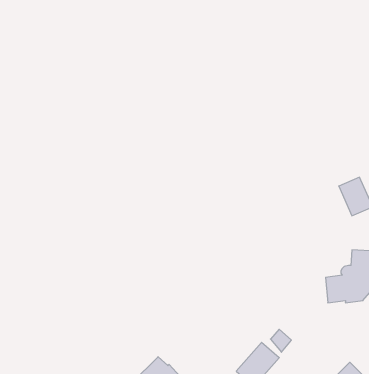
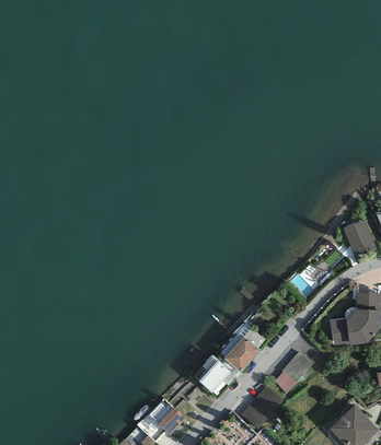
building: none -> [224,327,264,372]
building: none -> [281,350,312,382]
building: none -> [198,354,231,393]

